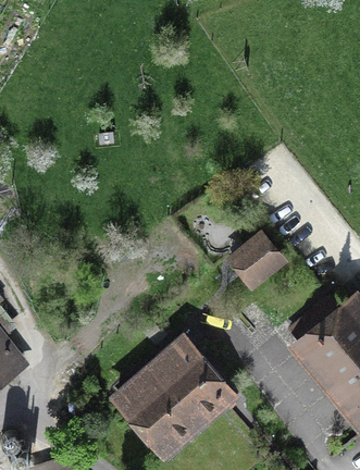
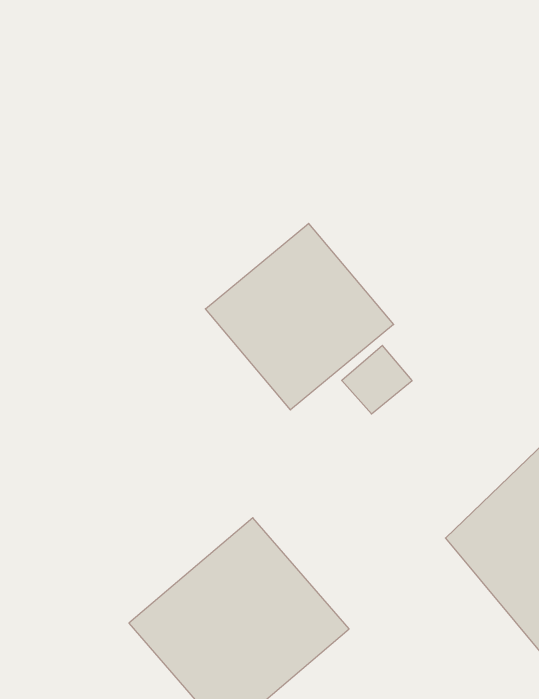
building: none -> [205,223,394,410]

